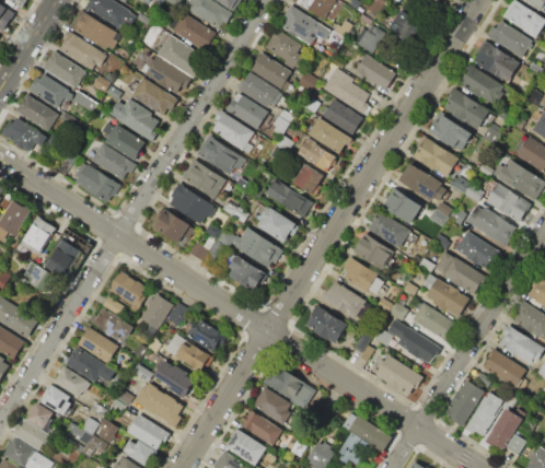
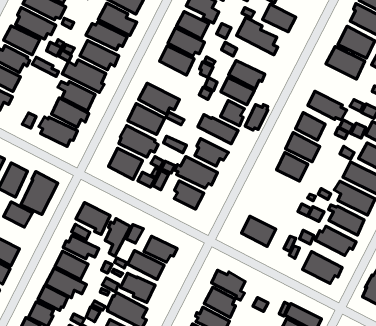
building: [323,100,361,133] -> none
building: [212,110,254,153] -> none
building: [411,137,460,179] -> none
building: none -> [245,104,268,130]
building: [343,257,383,296] -> none
building: [321,281,364,318] -> none

